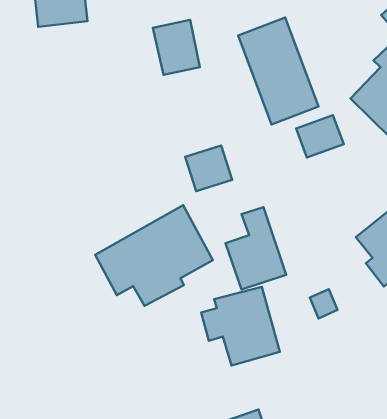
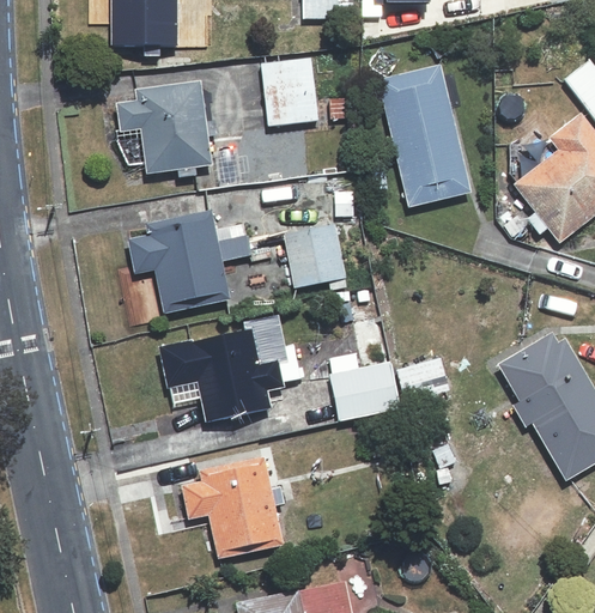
building: none -> [116,81,210,175]
building: [296,115,344,158] -> none
building: none -> [130,217,227,308]
building: [201,287,280,366] -> [181,457,279,557]

